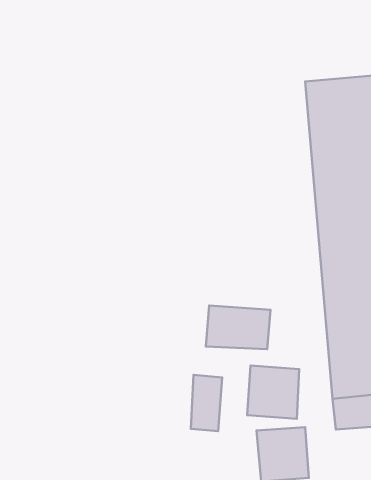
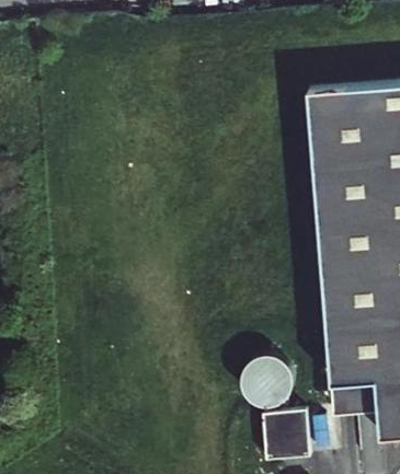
building: [206,305,271,349] -> none
building: [191,375,222,431] -> none

